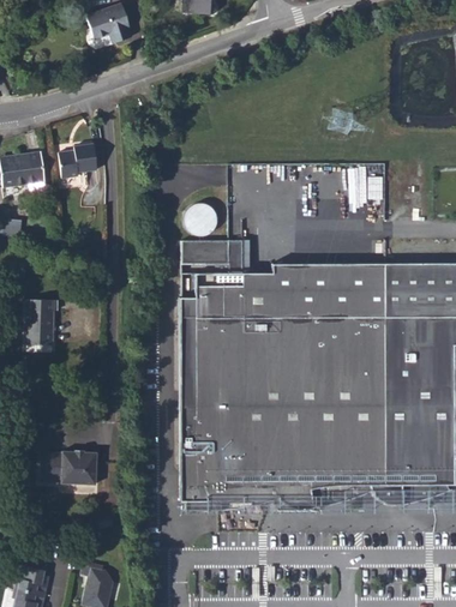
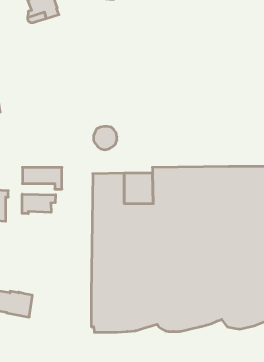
building: [59,143,97,178] -> none
building: [181,240,240,272] -> [22,167,62,189]
building: none -> [22,194,56,214]

